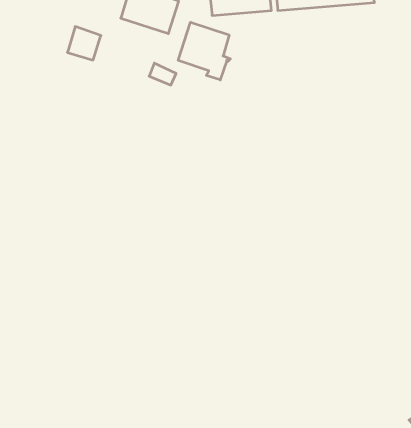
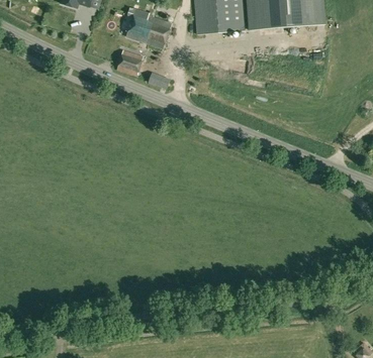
building: [178,22,230,80] -> none
building: [67,27,101,60] -> [117,48,144,75]

